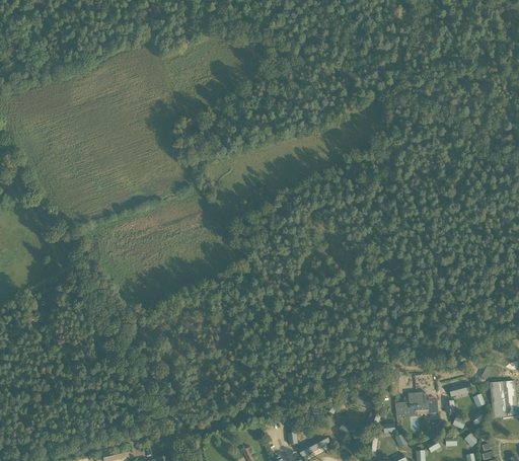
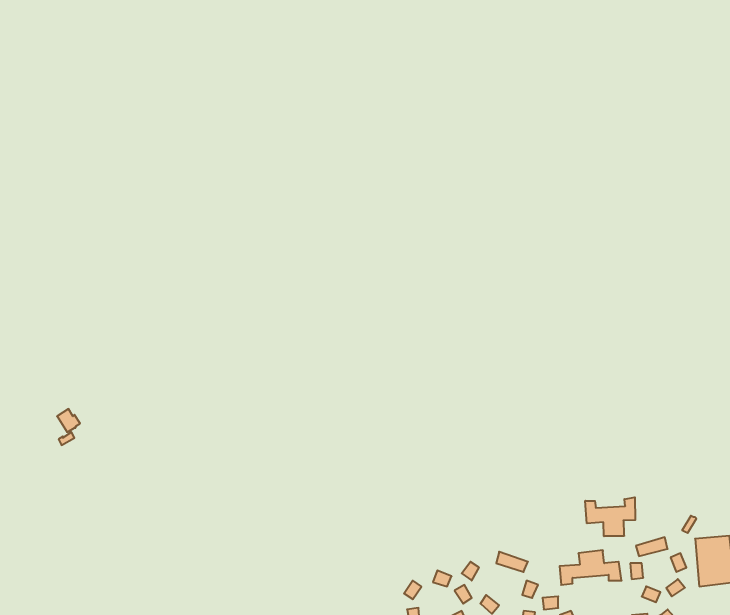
building: none -> [585,497,635,536]

